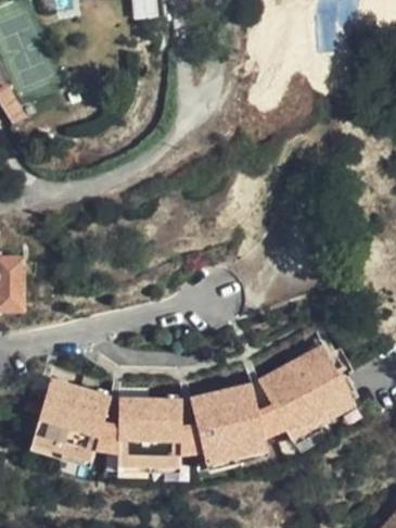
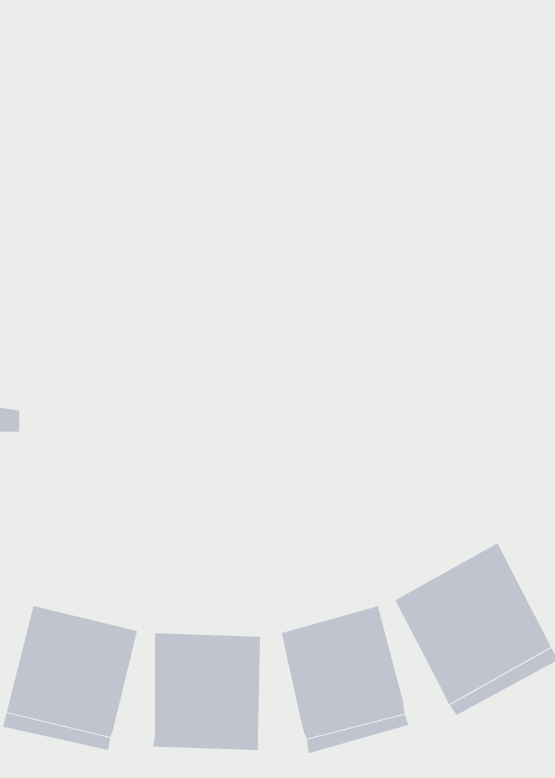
building: [252,376,289,437] -> none
building: [93,394,117,457] -> none
building: [180,395,206,457] -> none

